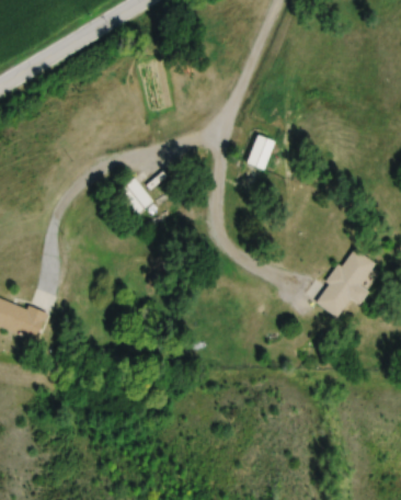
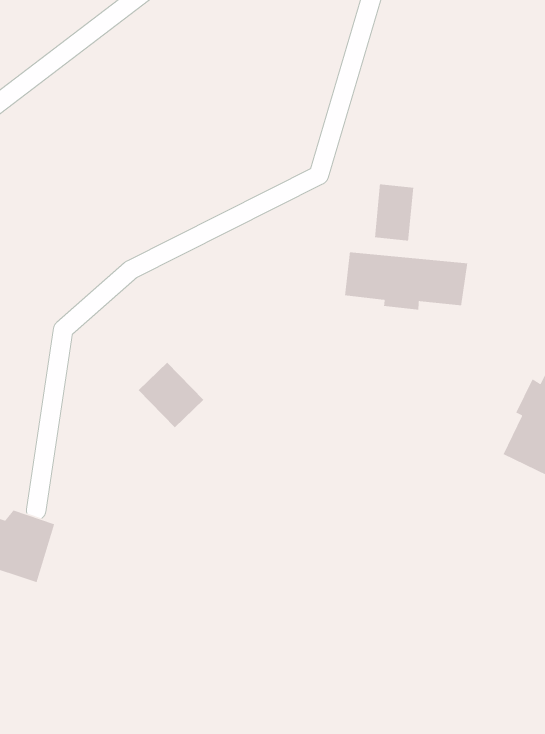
building: none -> [344,252,468,310]
building: [119,182,157,220] -> [138,362,204,428]

